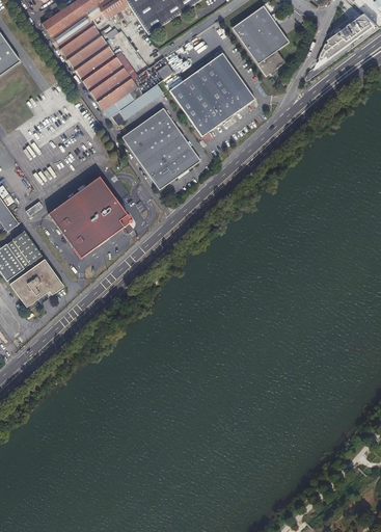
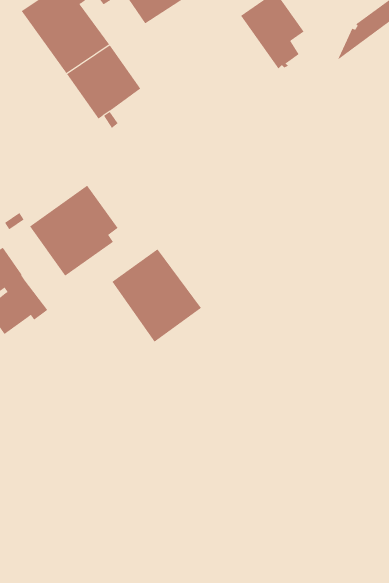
building: [170,52,254,134] -> none
building: [123,107,201,189] -> [111,248,202,342]

